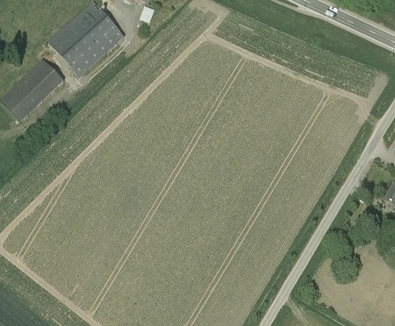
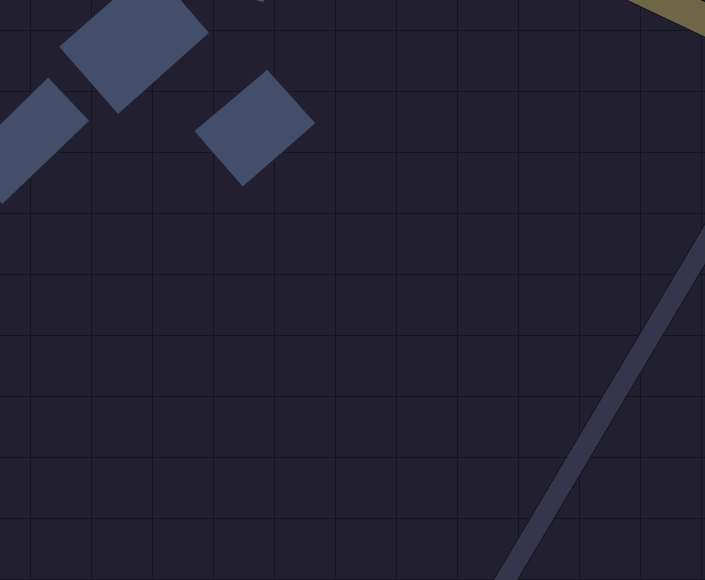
building: none -> [193,69,316,188]

